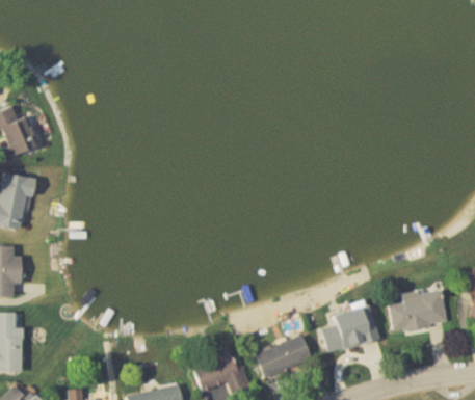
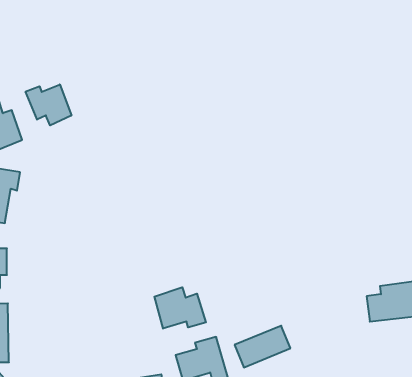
building: none -> [26,84,71,125]
building: none -> [154,287,206,329]
building: [322,312,378,351] -> none

